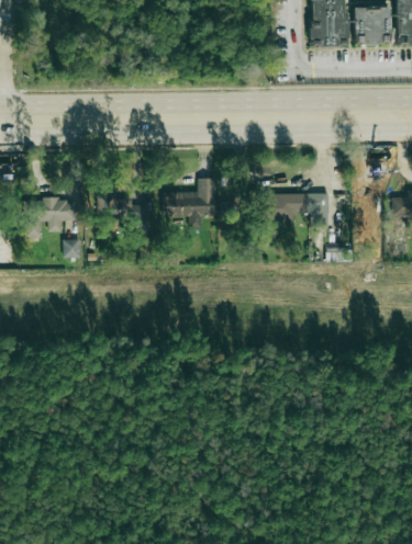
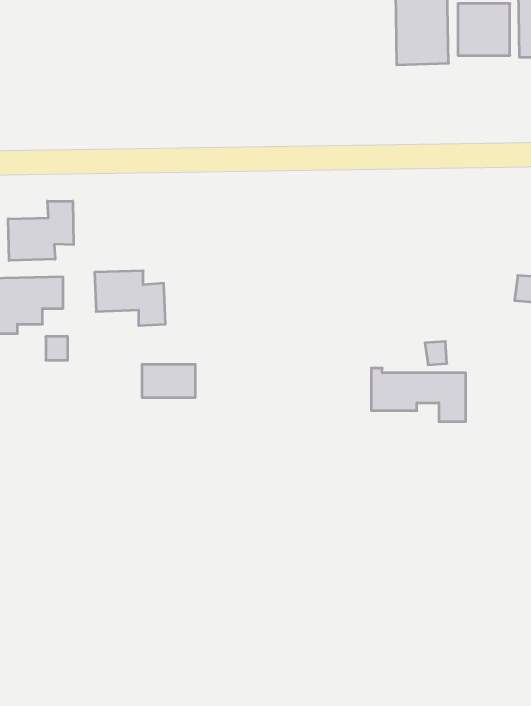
building: none -> [8,201,74,261]
building: [266,189,332,226] -> [371,368,466,422]
building: [167,192,204,215] -> [142,364,195,397]

